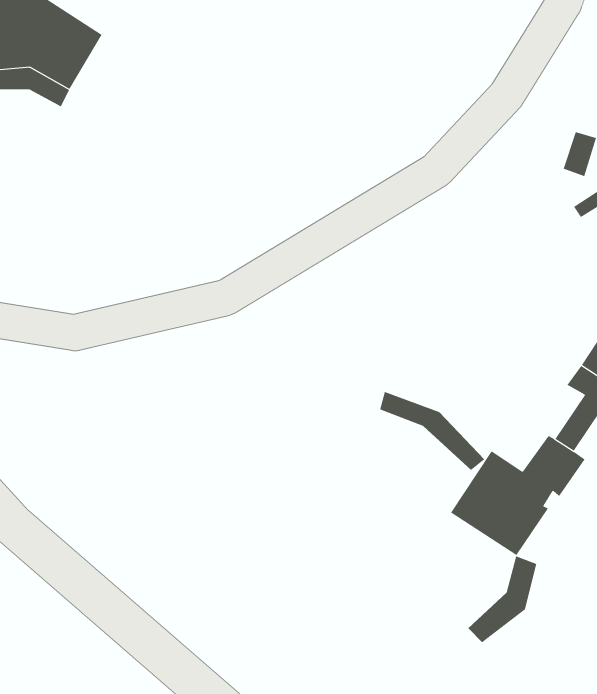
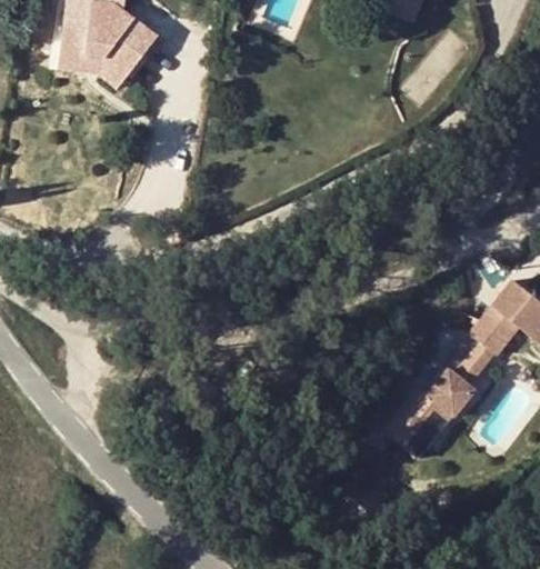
building: [380,391,485,471] -> none
building: [468,556,537,643] -> none

